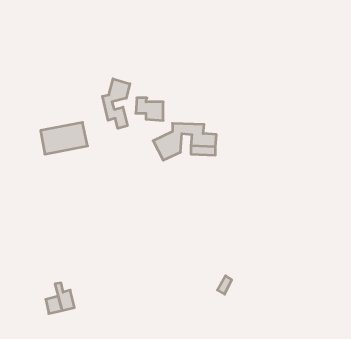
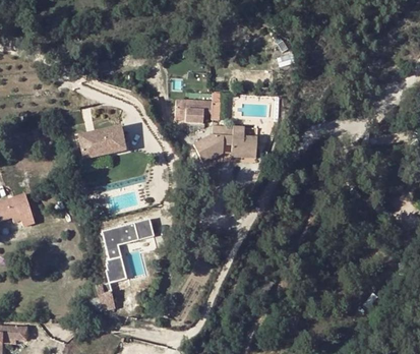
building: [102,79,130,128] -> none
building: none -> [102,218,155,284]

